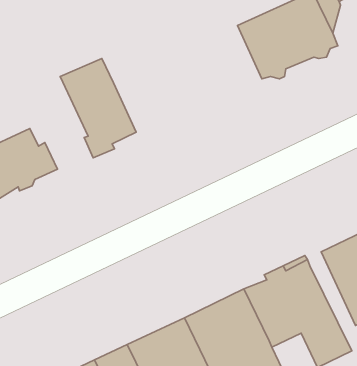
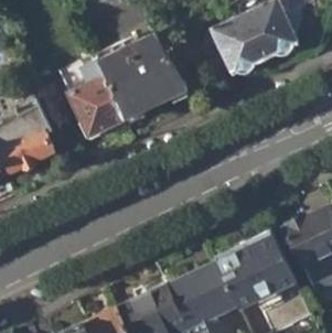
building: none -> [95,32,190,119]

